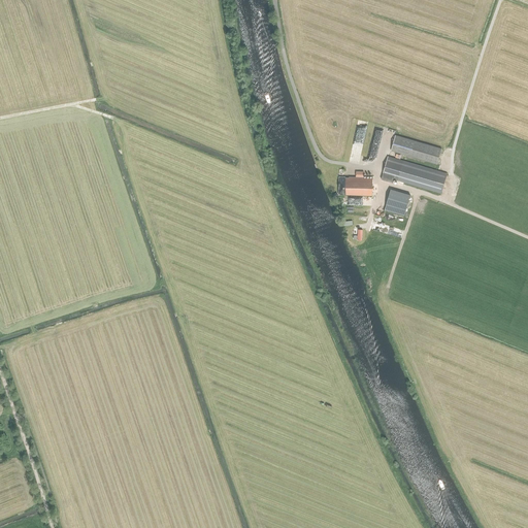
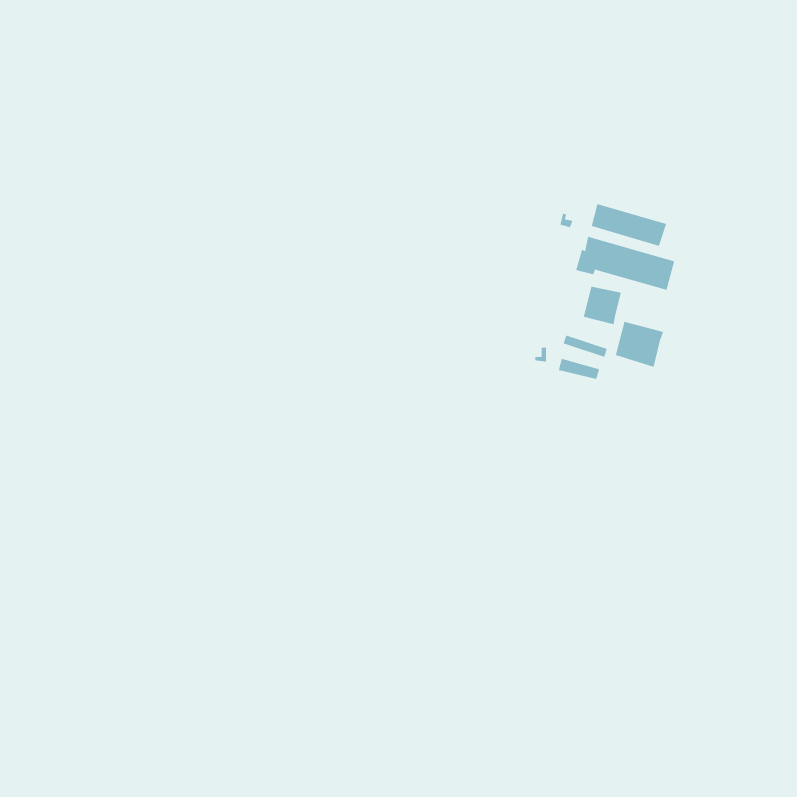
building: [337,176,371,195] -> none
building: none -> [615,321,664,368]

